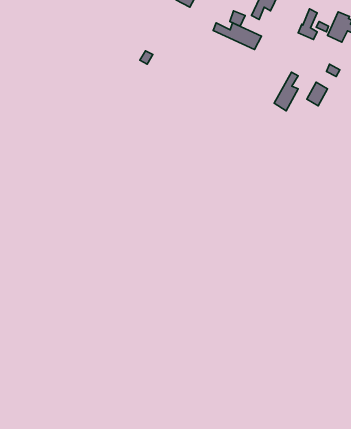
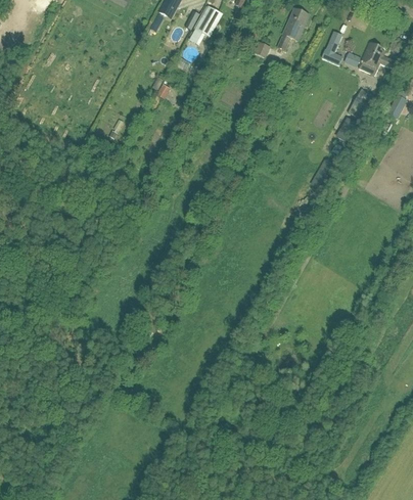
building: [213,23,262,50] -> none
building: [274,72,298,111] -> none

